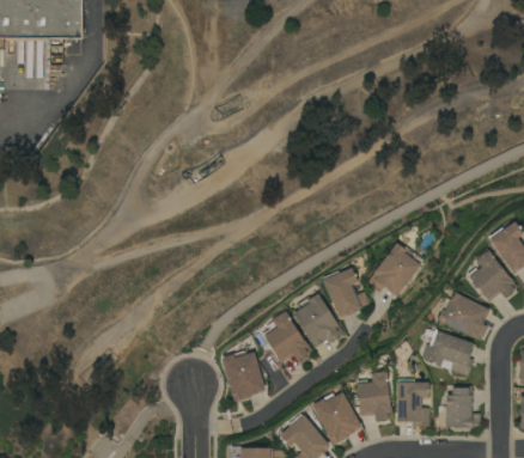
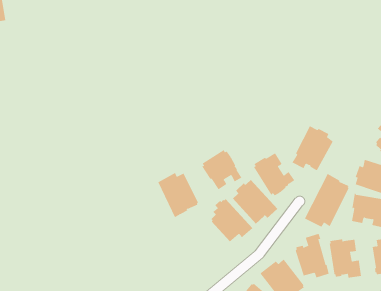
building: none -> [202,149,242,190]
building: none -> [304,173,350,228]
building: [220,350,264,403] -> [157,172,199,218]

